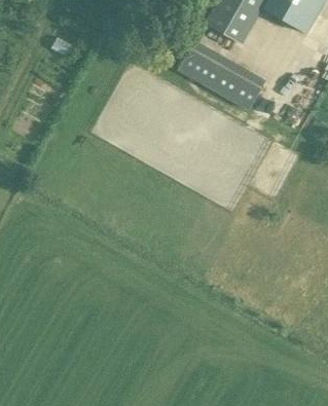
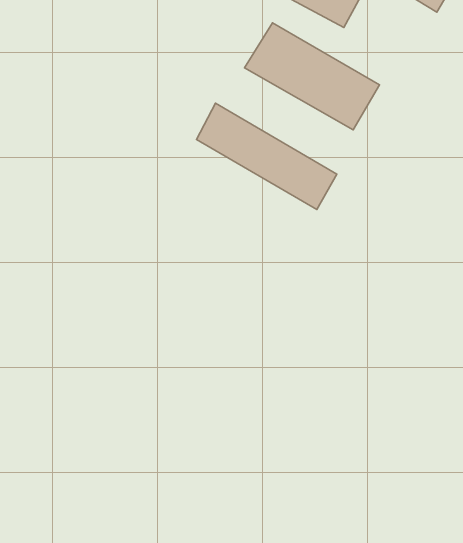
building: none -> [196,103,337,209]

